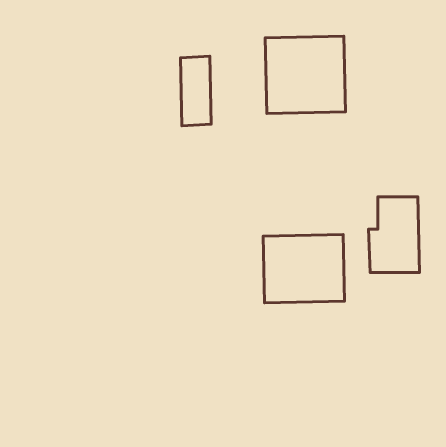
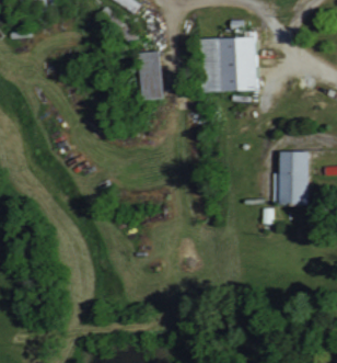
building: [263,234,345,303] -> none

